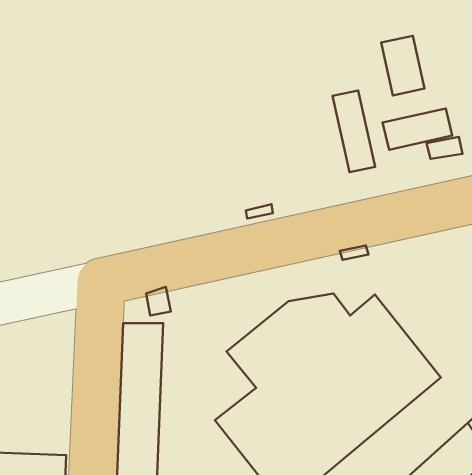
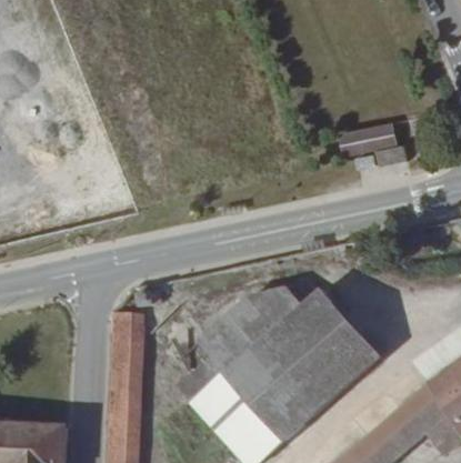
building: [381,36,425,95] -> none
building: [332,91,375,172] -> none

